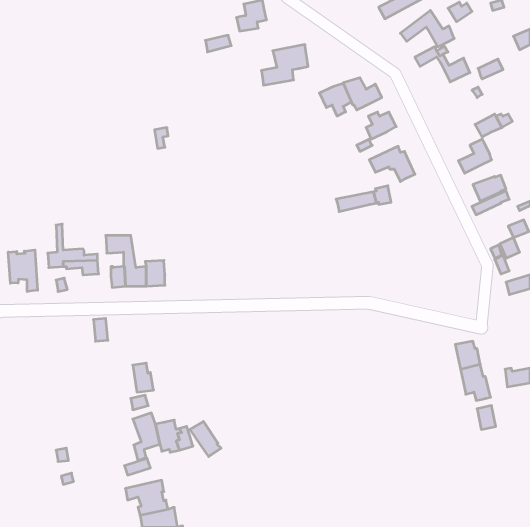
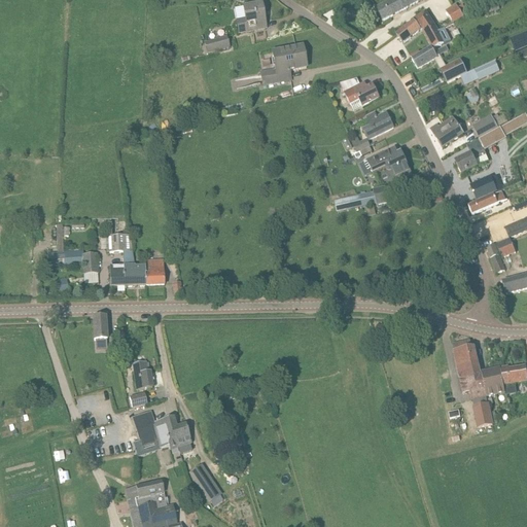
building: [319,83,352,116] -> none
building: none -> [430,115,464,146]
building: [8,250,38,292] -> none
building: none -> [482,366,505,394]
building: [190,421,221,457] -> [188,463,219,498]

